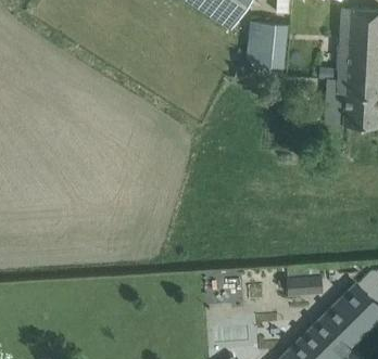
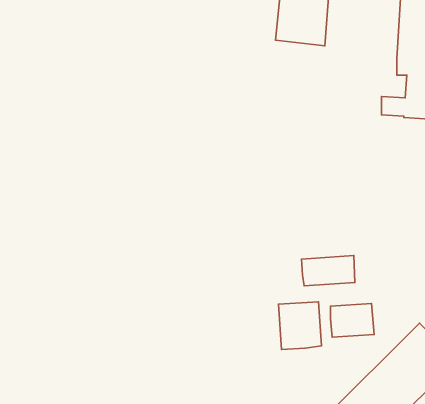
building: none -> [301,256,355,286]
building: none -> [278,302,321,350]

